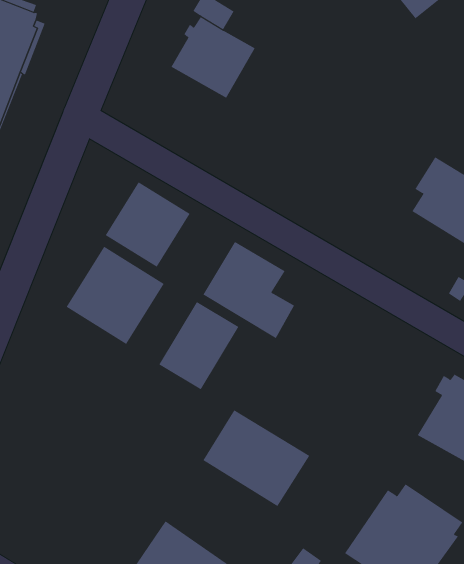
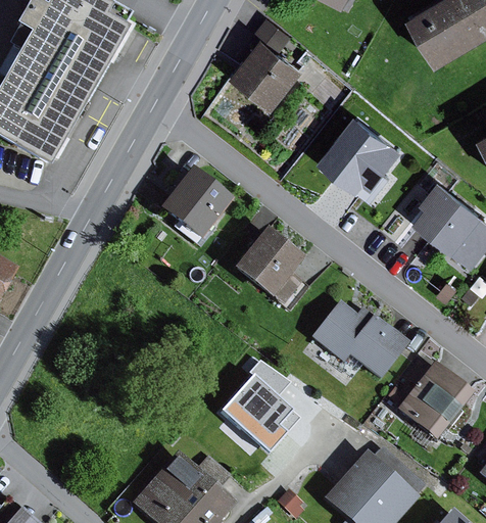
building: none -> [314,103,401,201]
building: [66,246,164,345] -> none
building: [158,301,239,390] -> none
building: none -> [310,300,408,380]

